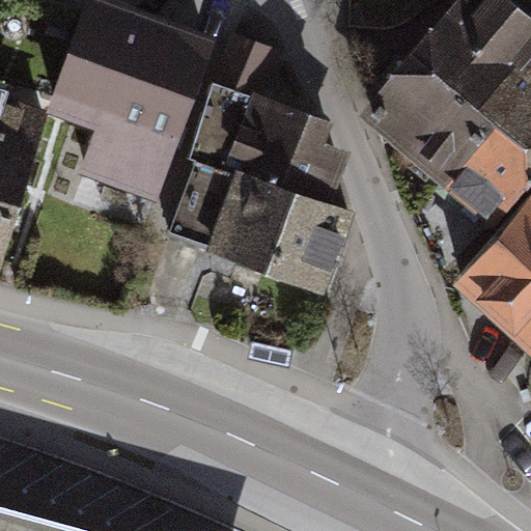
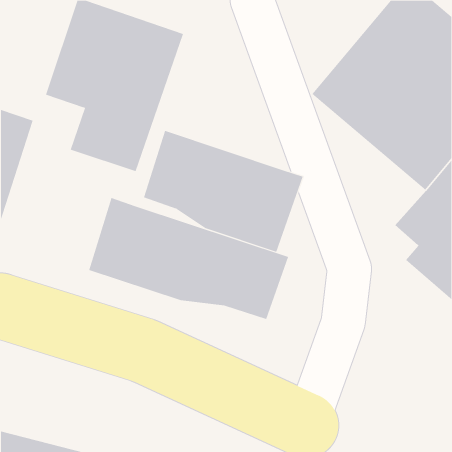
building: [193,33,344,200] -> none
building: none -> [88,197,289,320]

